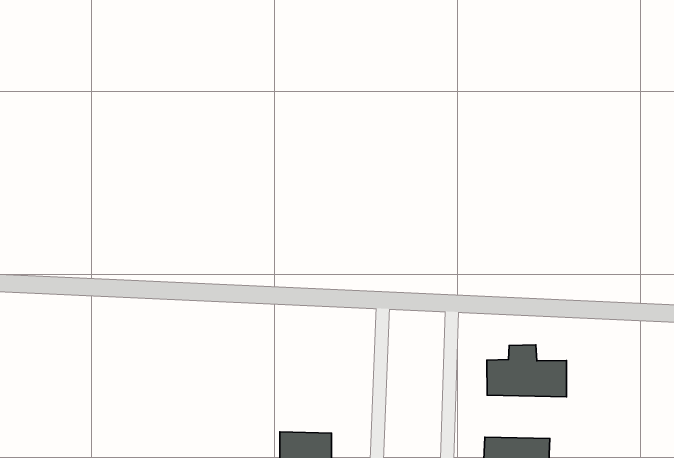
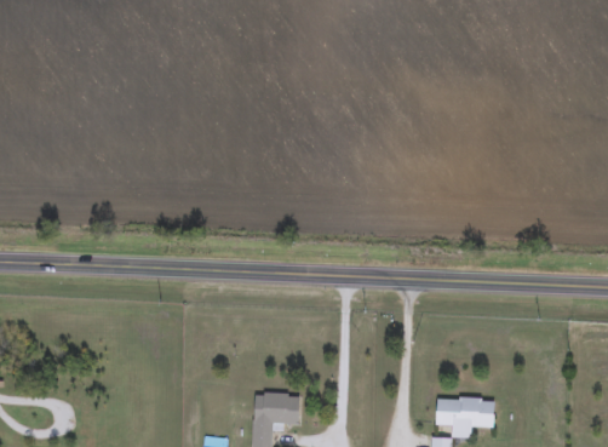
building: [487,345,567,397] -> none

